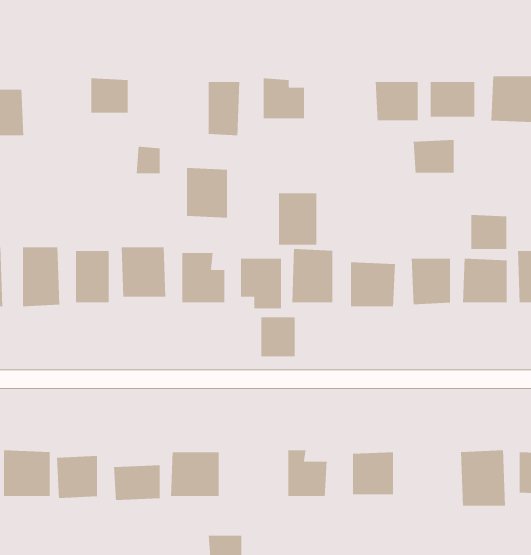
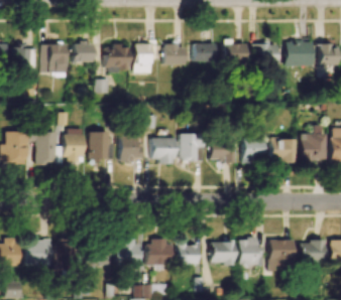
building: none -> [43,44,68,72]
building: [413,139,455,173] -> [195,43,217,61]
building: [186,167,228,218] -> [107,45,129,72]
building: [278,193,317,245] -> none
building: [470,214,507,250] -> none
building: [260,316,295,357] -> none
building: none -> [239,239,264,269]
building: none -> [148,240,173,266]

